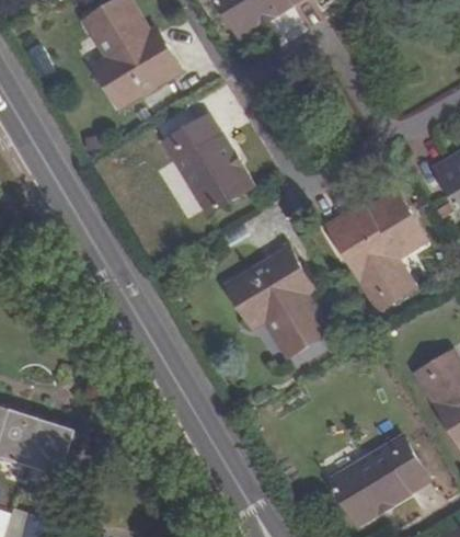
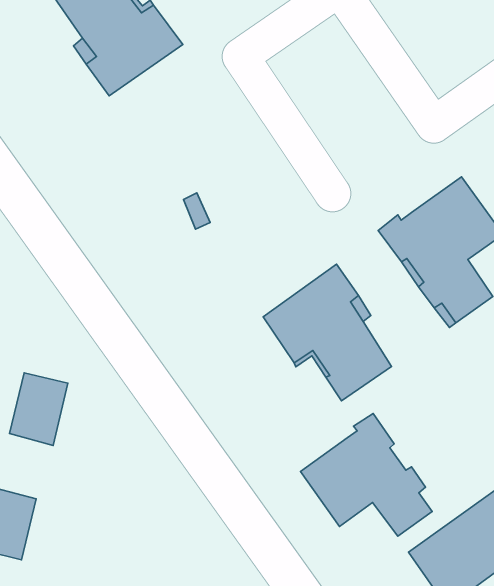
building: [161,114,250,213] -> none
building: none -> [300,414,432,536]
building: [24,419,73,478] -> [9,373,68,445]

